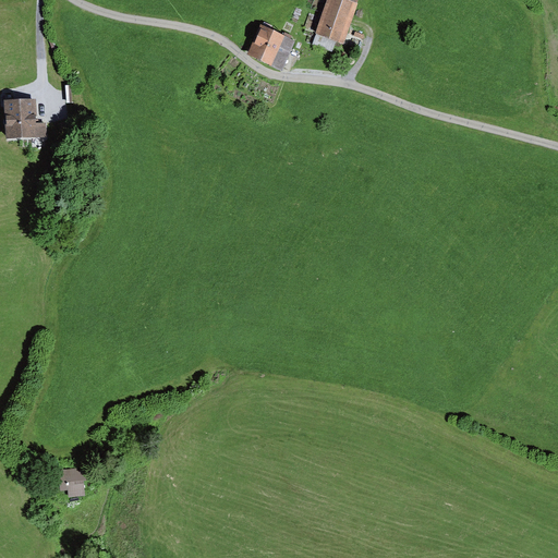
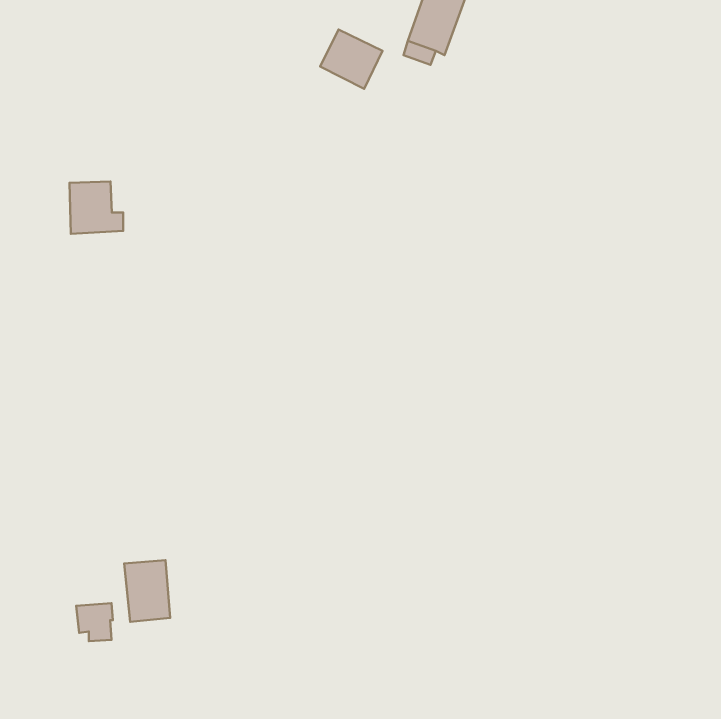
building: [4,97,46,137] -> [69,181,123,234]
building: none -> [124,560,170,622]

